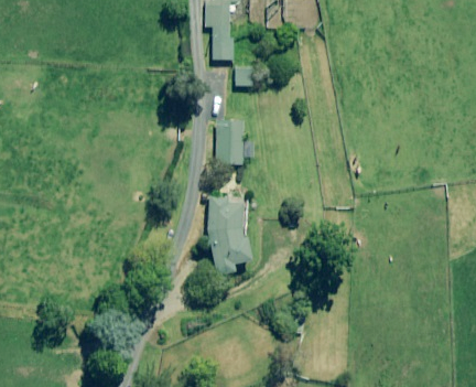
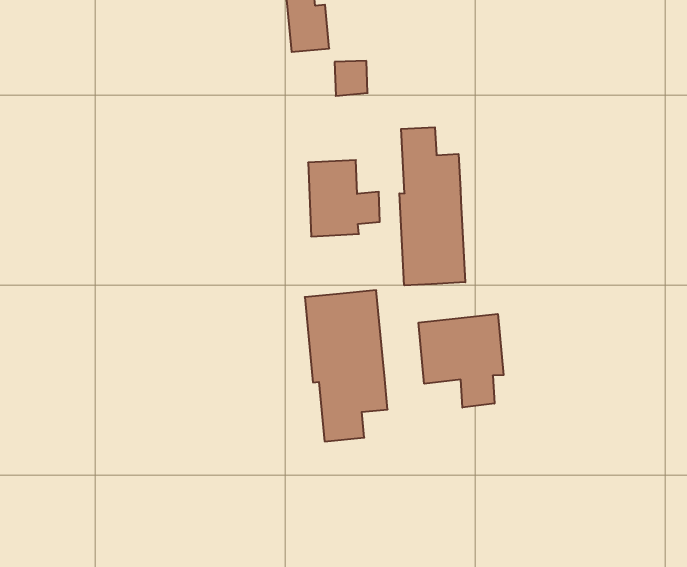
building: none -> [399,127,465,285]
building: none -> [419,314,504,408]

